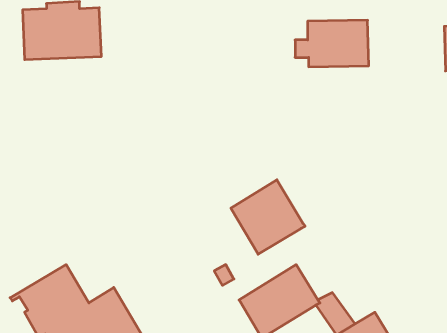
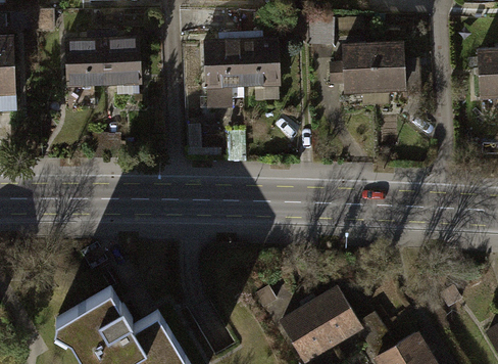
building: none -> [201,37,278,88]
building: [231,180,305,254] -> none

